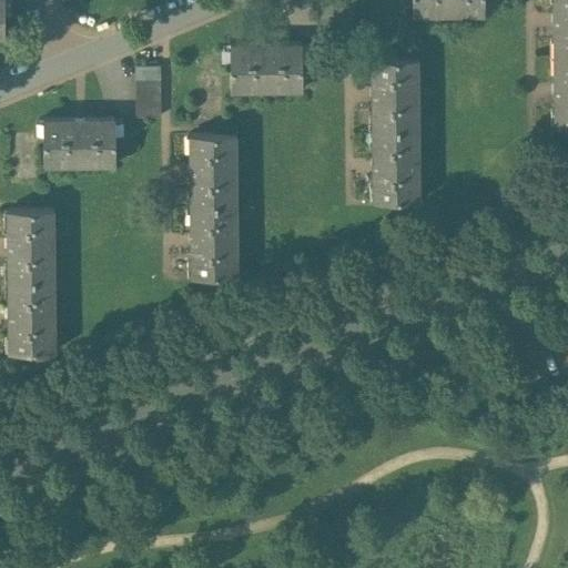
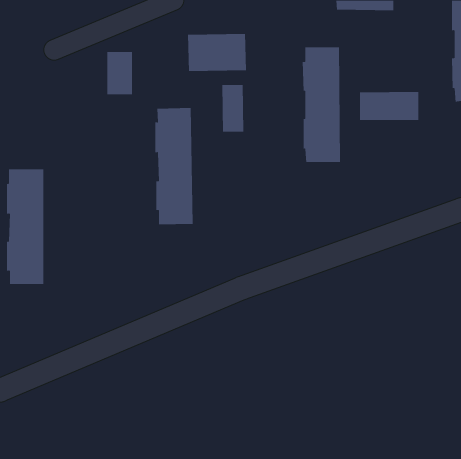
building: none -> [222,84,244,133]
building: none -> [360,91,419,121]
building: [44,120,116,165] -> none

